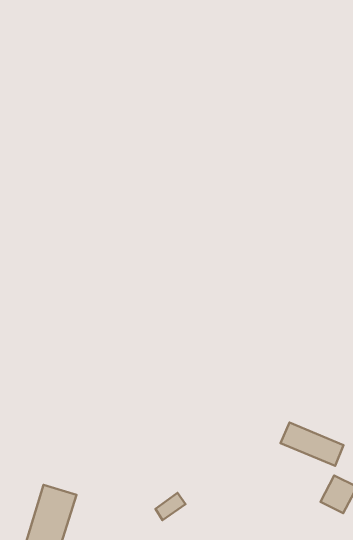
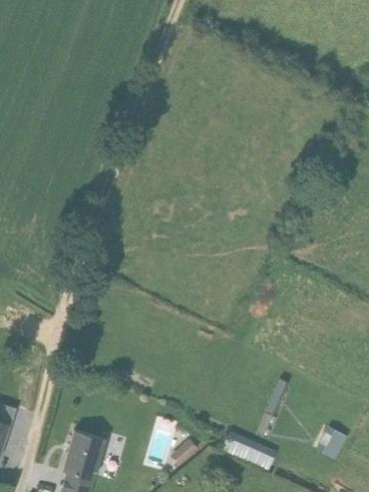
building: [280,422,343,466] -> [224,430,279,468]

